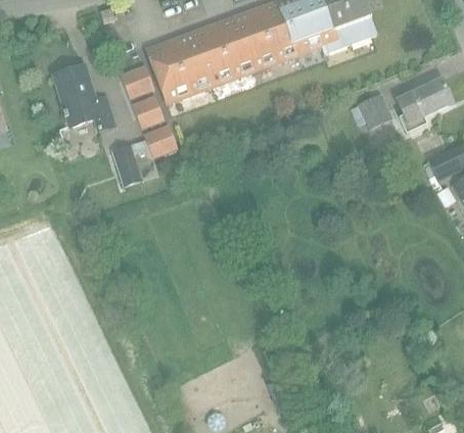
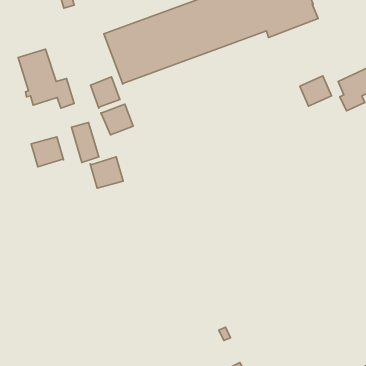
building: [121,64,154,98] -> none
building: none -> [31,137,64,167]
building: none -> [90,157,123,188]

